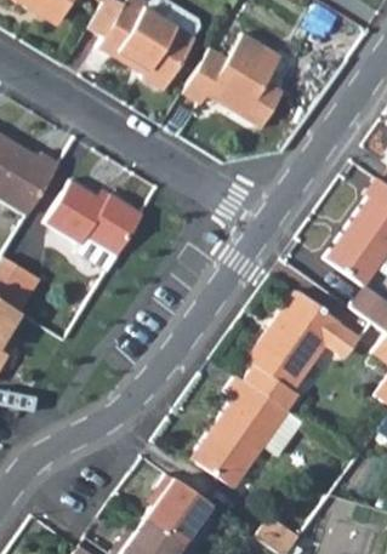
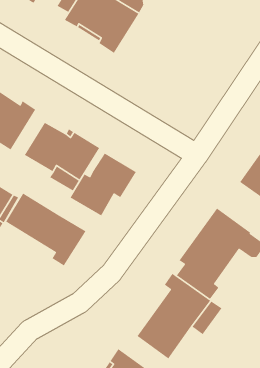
building: [183,33,284,127] -> none
building: none -> [70,152,137,216]
building: none -> [5,192,86,267]

